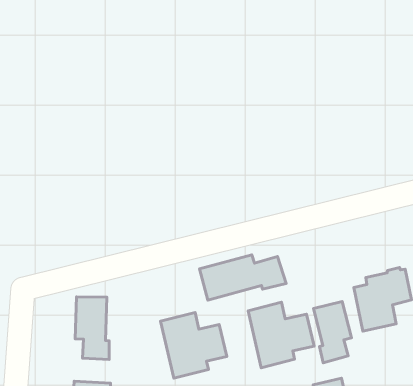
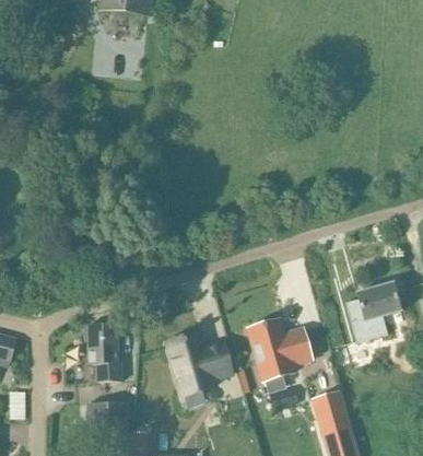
building: [199,255,286,300] -> none
building: [314,302,351,363] -> none

